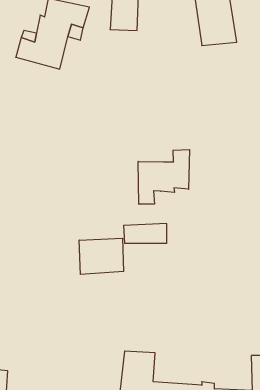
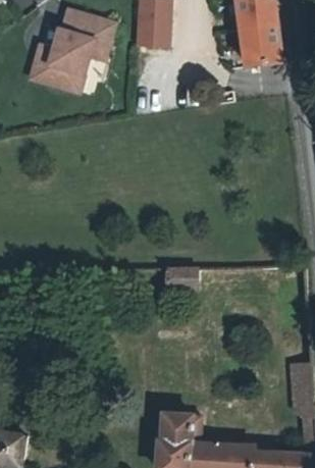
building: [138,150,189,204] -> none
building: [79,238,124,274] -> none

